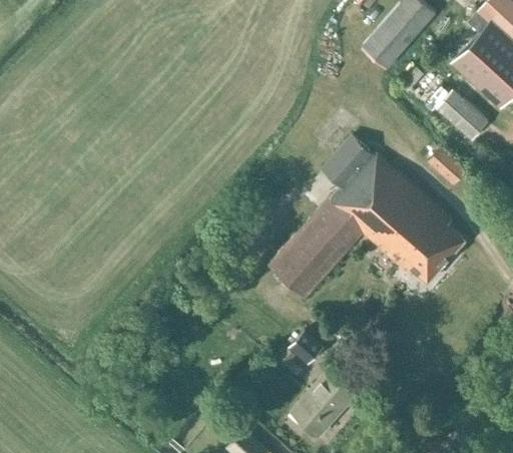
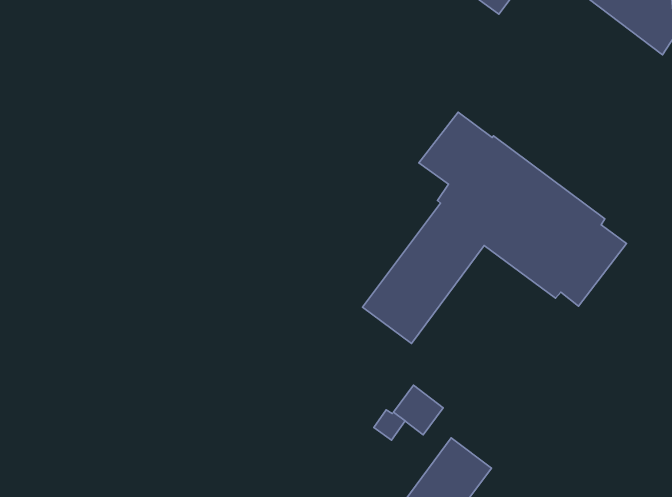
building: [436,89,488,139] -> none
building: [428,147,466,183] -> none

